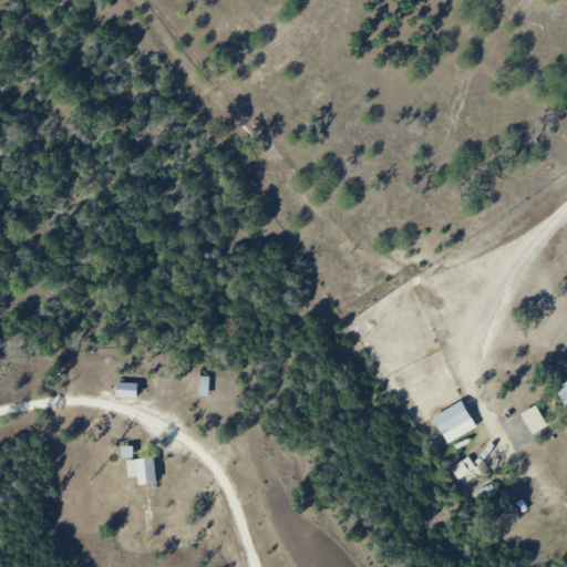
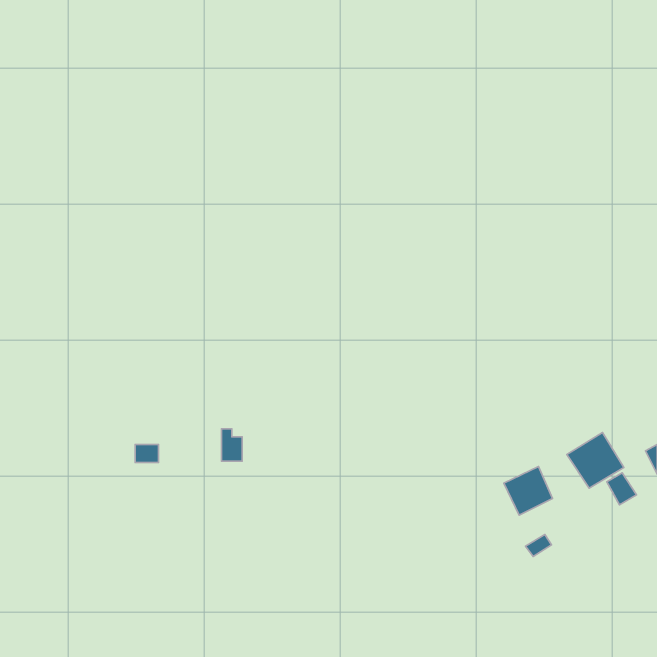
building: none -> [567,433,624,488]
building: [127,458,155,484] -> none

